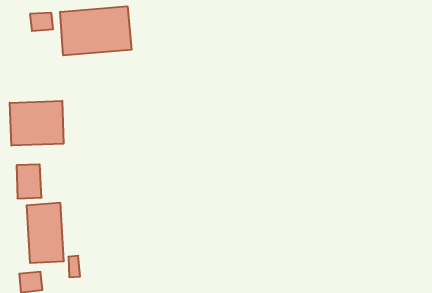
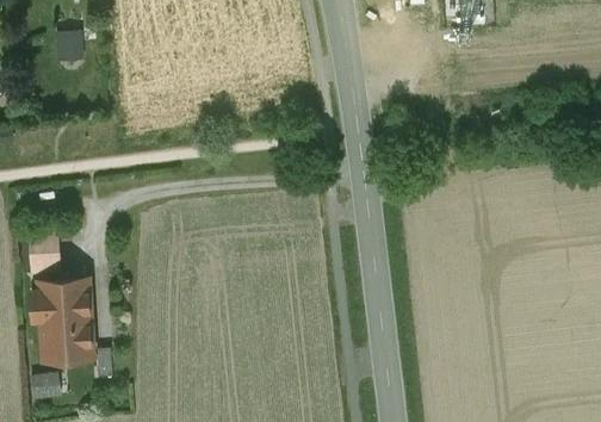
building: [60,6,131,55] -> none
building: [10,101,63,146] -> none

